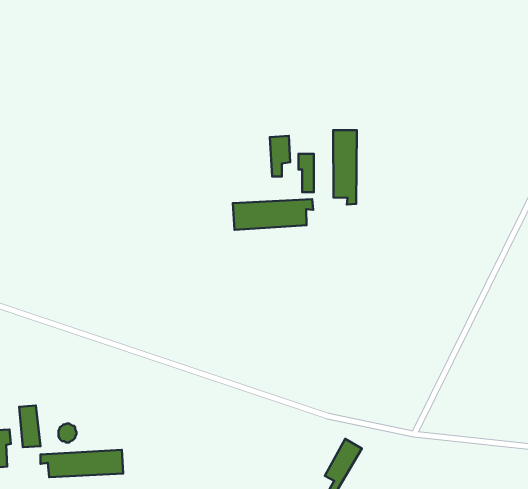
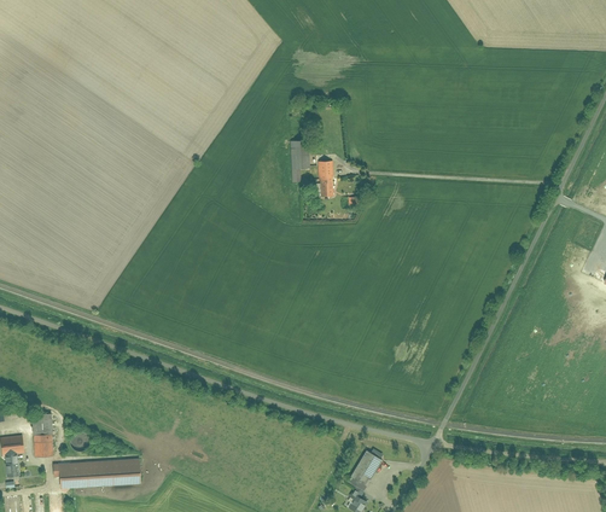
building: [333,130,357,204] -> none
building: [233,199,313,230] -> none

